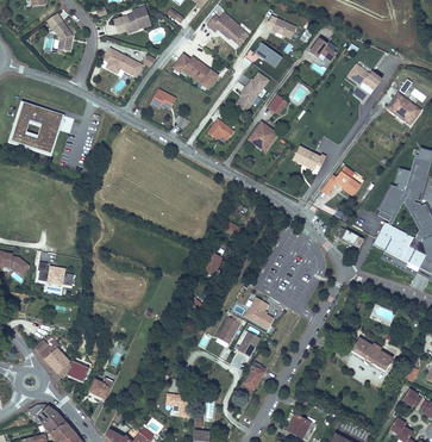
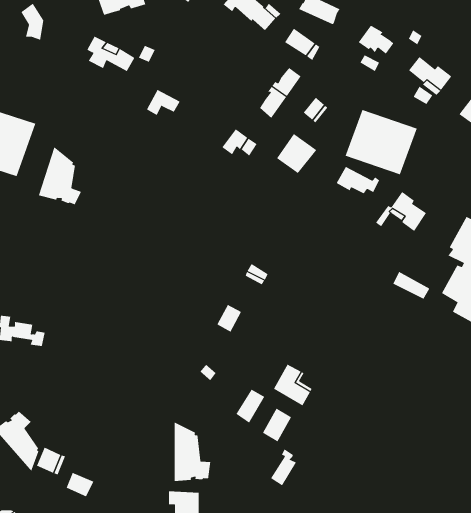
building: [174,52,218,87] -> none
building: none -> [345,109,417,175]
building: none -> [38,146,82,205]
building: [349,336,392,368] -> none
building: none -> [174,421,211,482]

